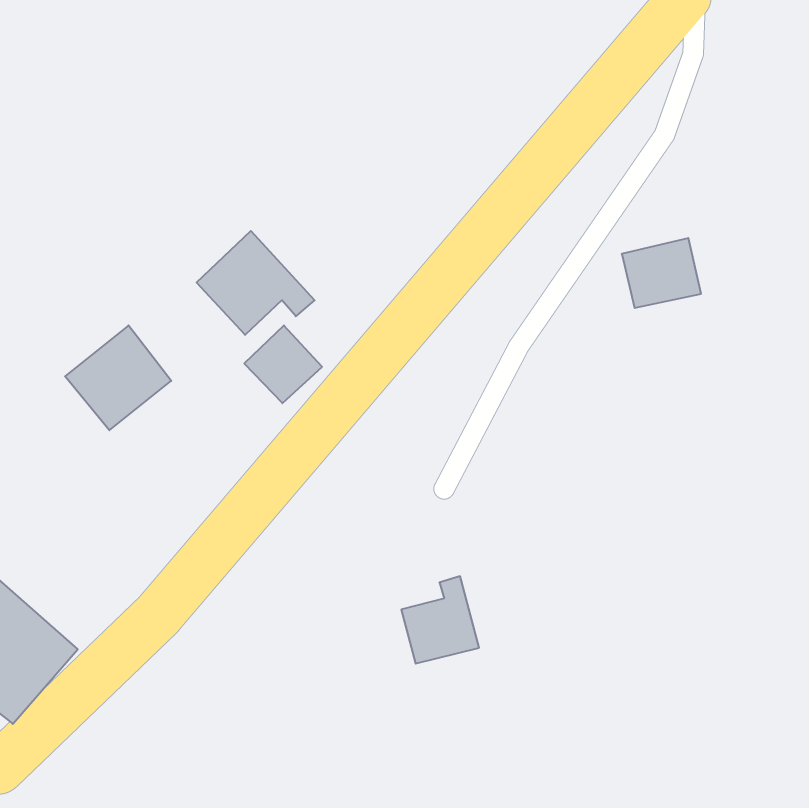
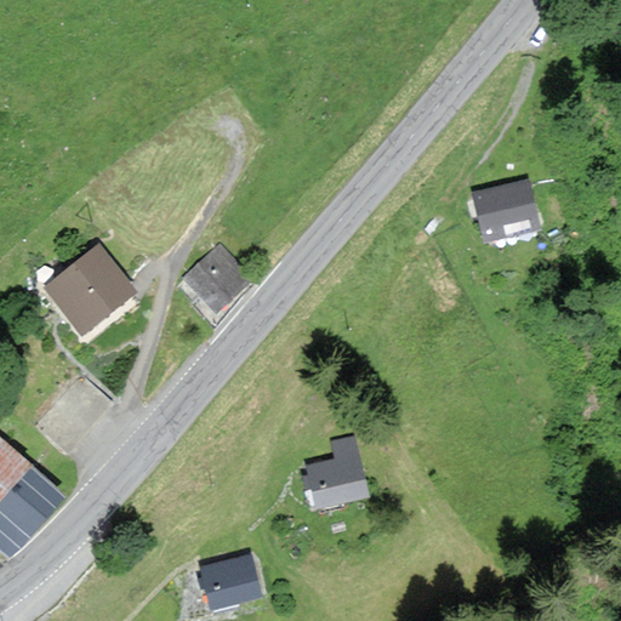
building: [197,231,315,335] -> none
building: none -> [204,559,257,605]

